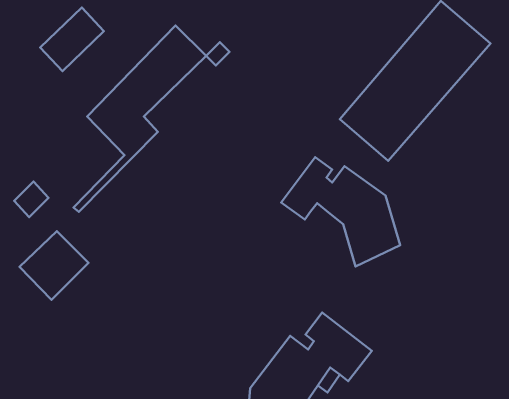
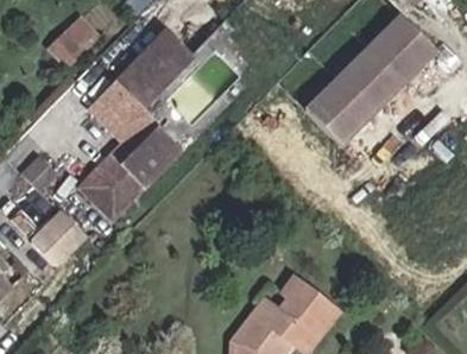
building: none -> [82,121,177,217]
building: [281,157,400,267] -> none

